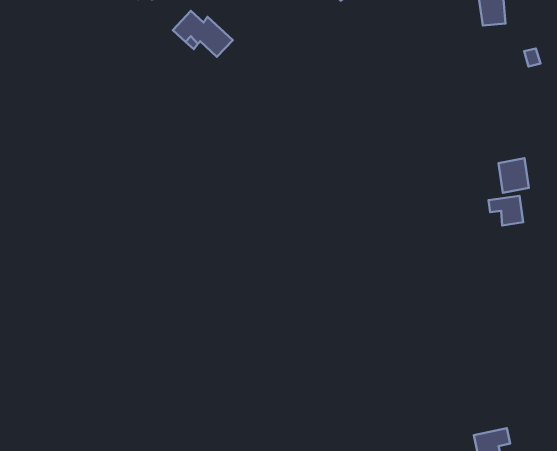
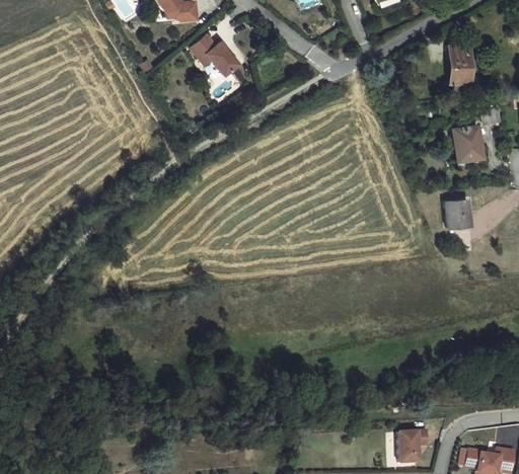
building: none -> [457,128,486,161]
building: [489,196,523,226] -> none

